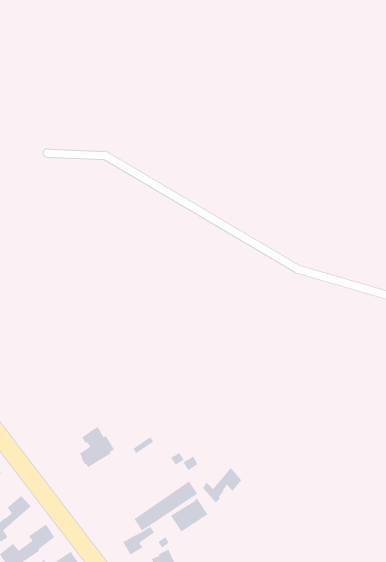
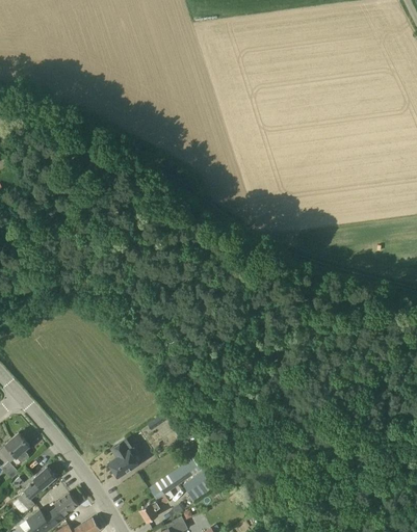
building: [79,426,115,468] -> [108,438,141,477]
building: [202,467,242,503] -> none

